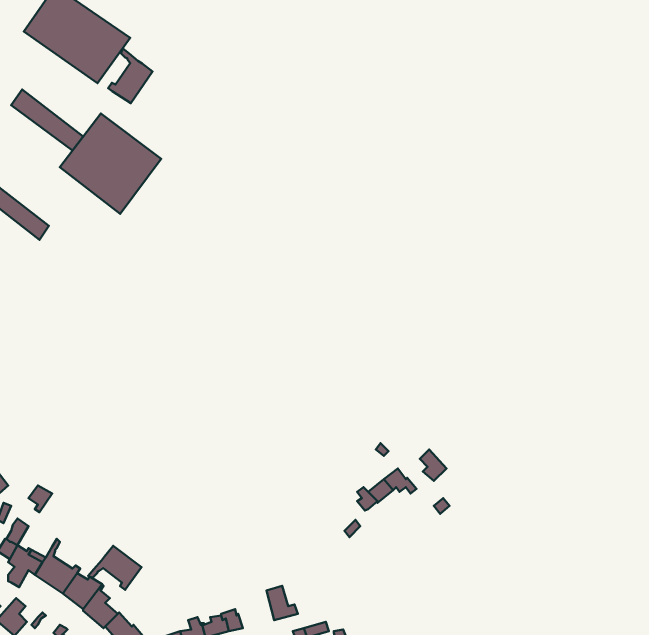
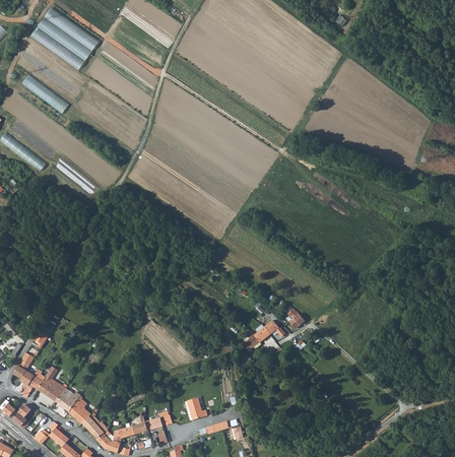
building: [108,49,153,103] -> none
building: [60,114,161,214] -> none
building: [88,546,141,590] -> none

